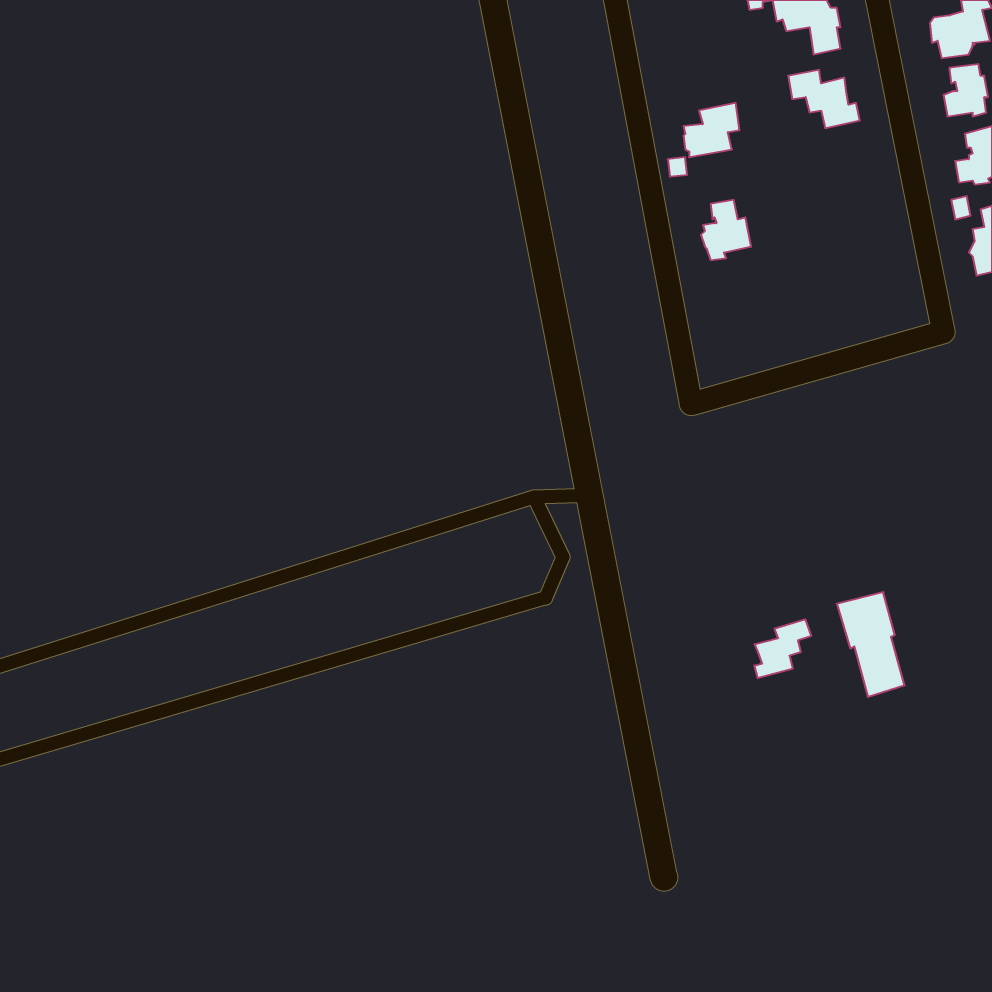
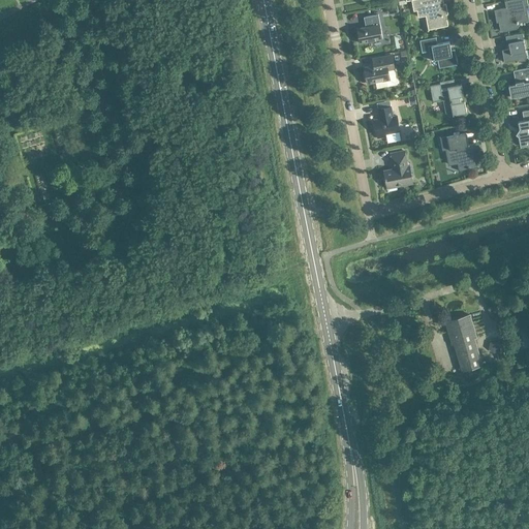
building: none -> [356,14,382,43]
building: none -> [430,84,466,115]
building: none -> [447,132,477,168]
building: none -> [384,151,412,188]
building: [754,619,811,678] -> none

